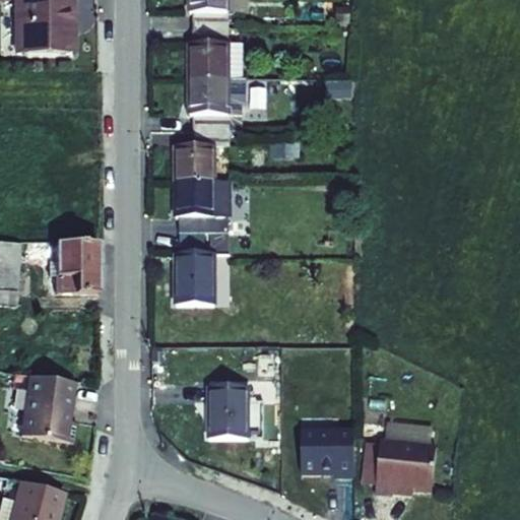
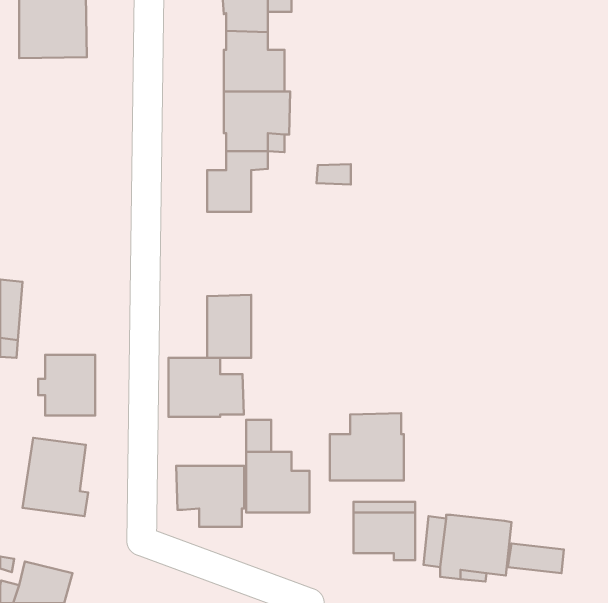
building: [177,181,230,233] -> none
building: [49,239,98,290] -> [38,355,95,416]
building: none -> [168,358,244,417]
building: none -> [330,413,404,480]
building: none -> [176,466,244,527]
building: [385,419,433,445] -> [508,544,564,573]

